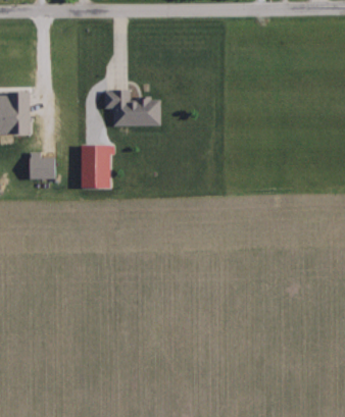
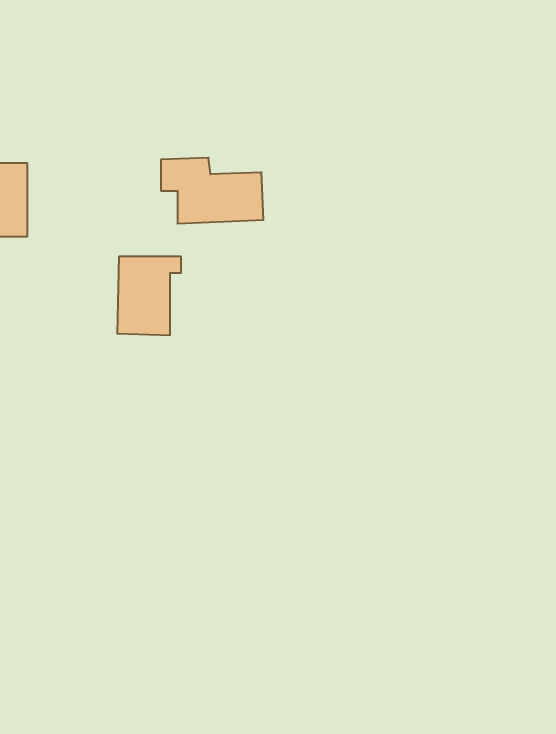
building: [29,152,58,179] -> none

